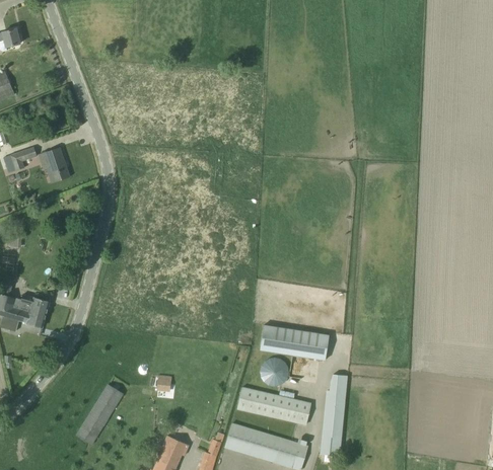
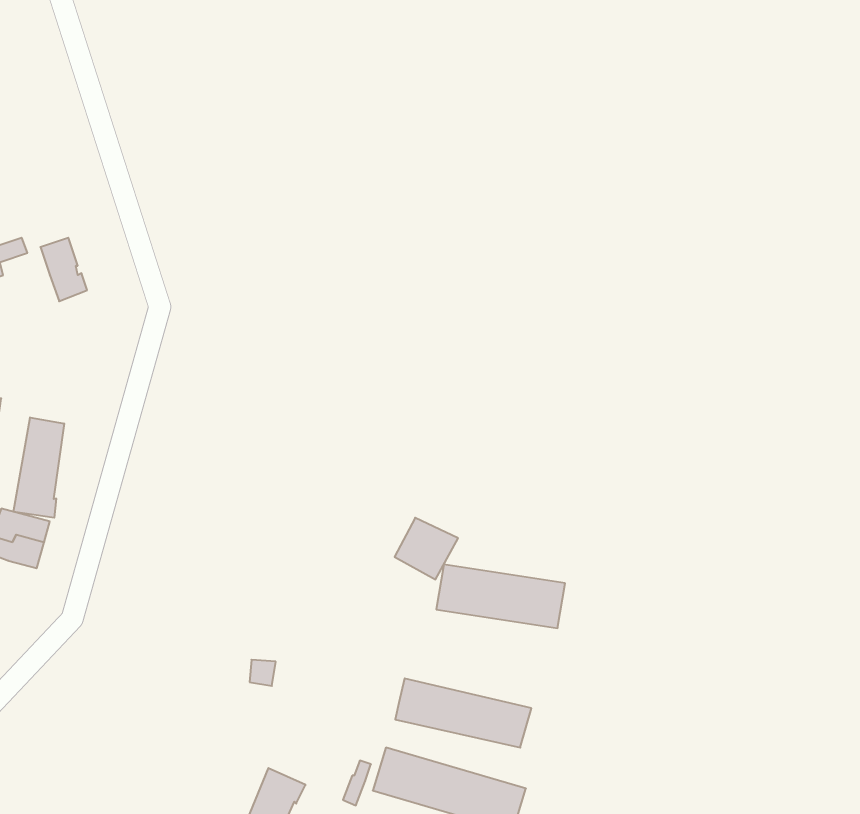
building: none -> [13,417,64,518]
building: [258,355,292,388] -> [395,518,458,579]
building: [320,374,347,455] -> none
building: [75,384,123,444] -> none

